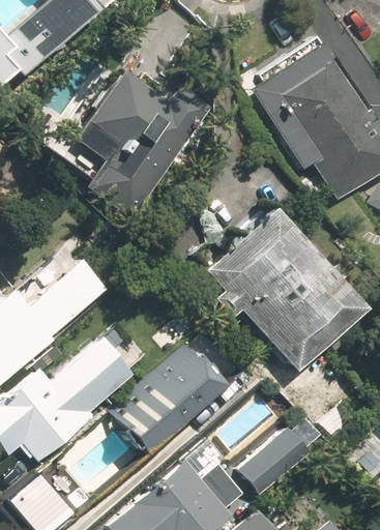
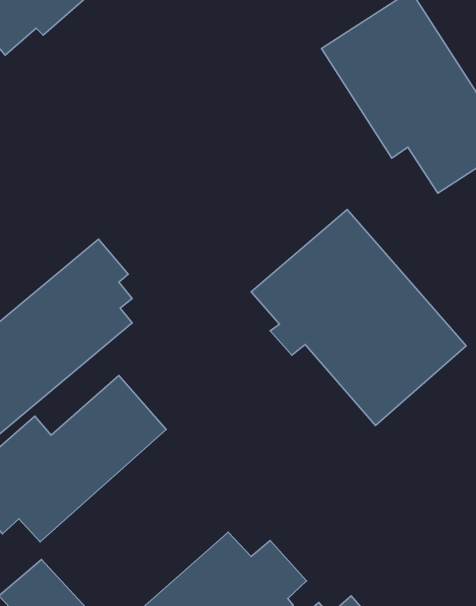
building: [25,70,200,219] -> none
building: [113,338,232,454] -> none
building: [240,426,313,496] -> none

